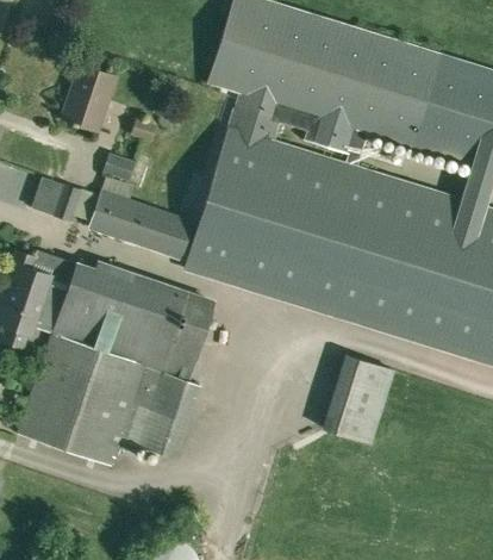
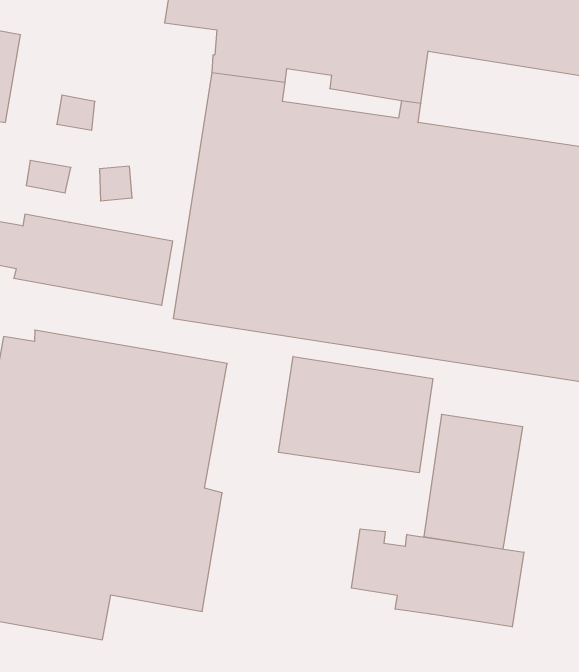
building: none -> [278,356,433,473]
building: none -> [351,529,524,627]

